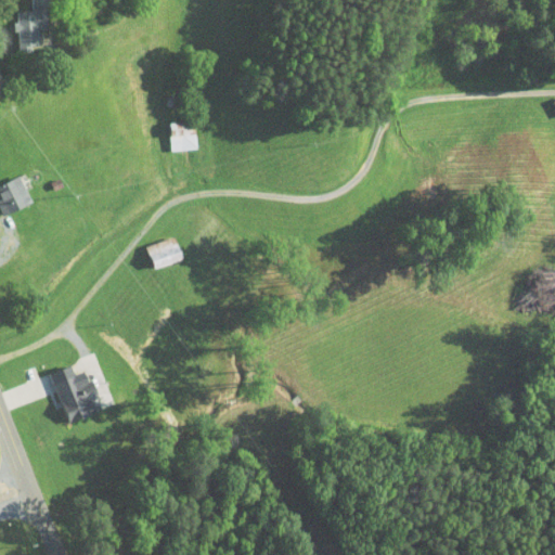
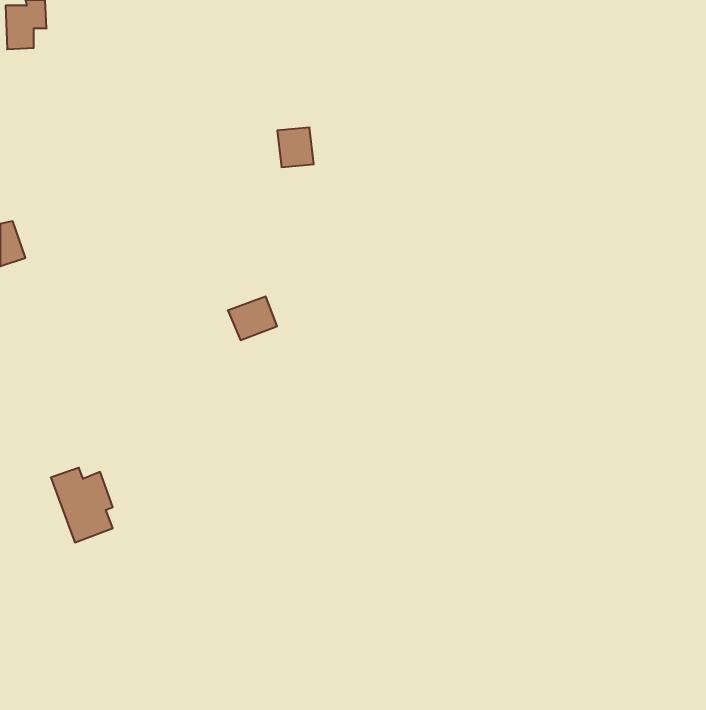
building: [168,121,196,152] -> [277,128,314,167]
building: [145,236,183,270] -> [228,296,277,340]

